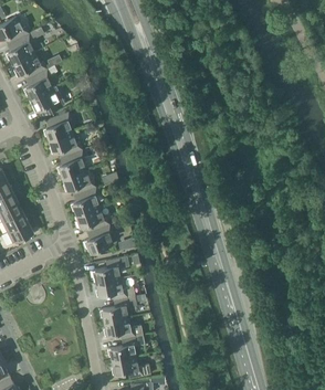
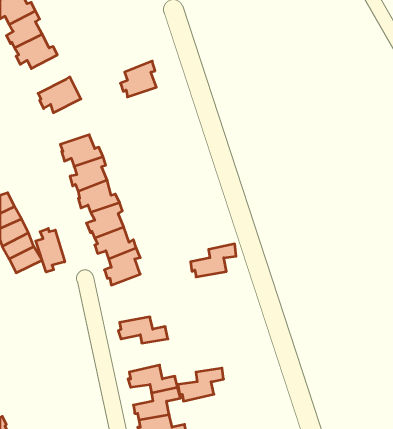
building: [23,70,53,101] -> none
building: [43,113,72,141] -> [120,61,156,97]
building: none -> [36,228,65,272]
building: [92,257,128,284] -> [191,244,236,277]
building: [99,297,136,324] -> [178,368,224,401]

